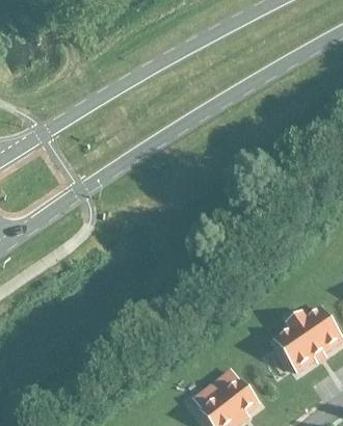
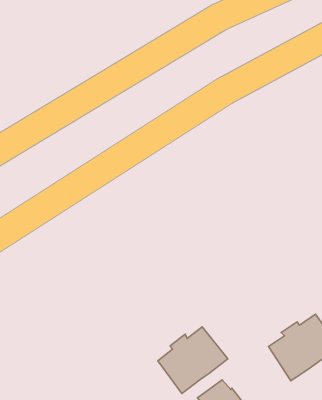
building: none -> [158,327,228,394]

